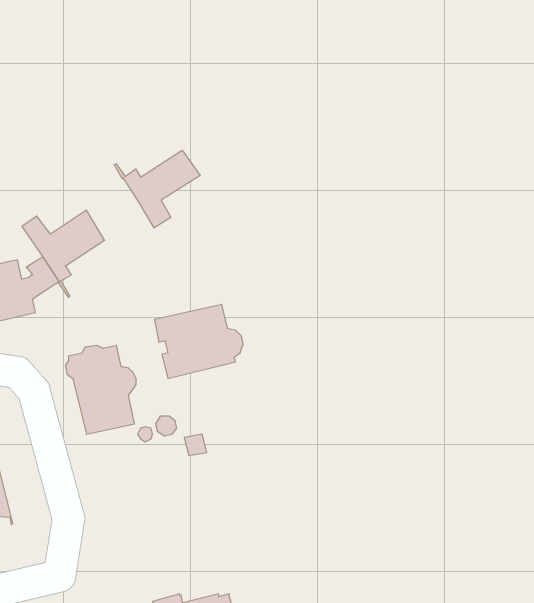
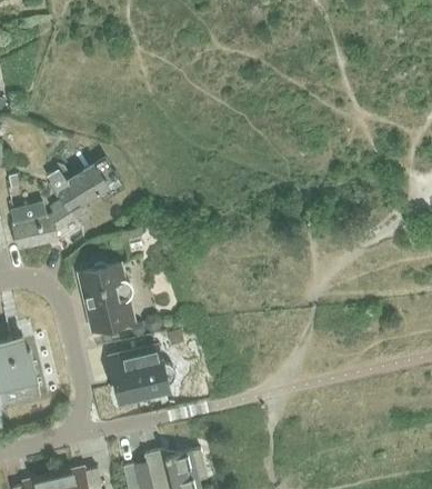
building: [114,150,200,228] -> none
building: [154,305,243,378] -> [109,346,174,400]

